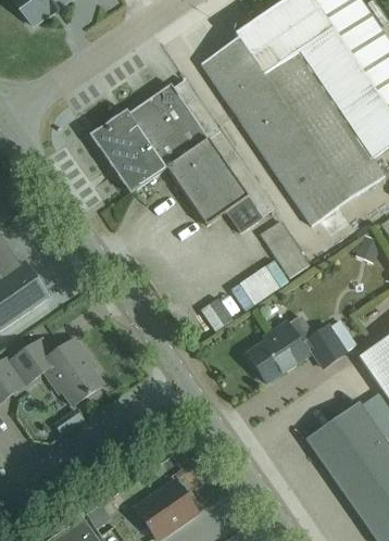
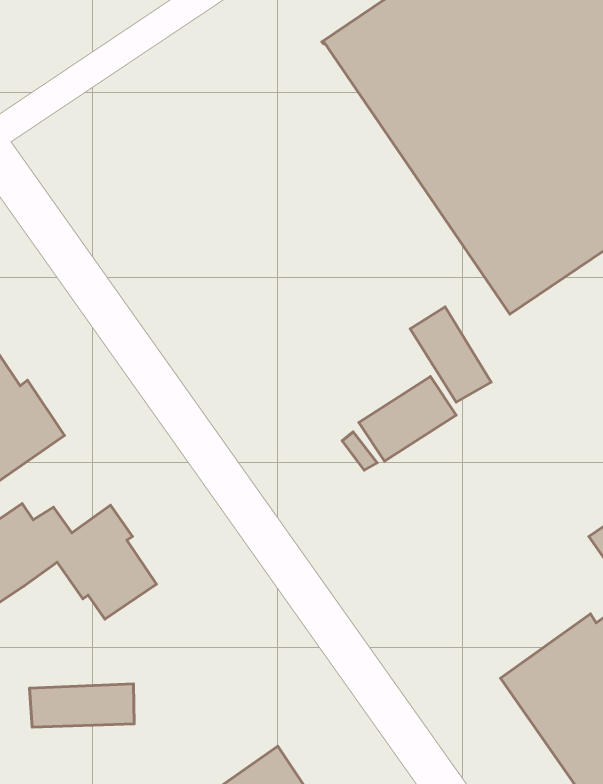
building: [90,78,275,230] -> none
building: [248,314,347,381] -> none
building: none -> [29,684,134,727]

